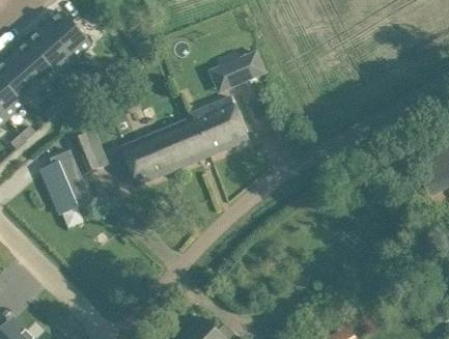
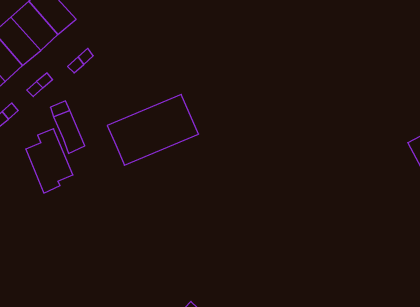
building: [217,50,264,88] -> none
building: [191,96,248,156] -> none

